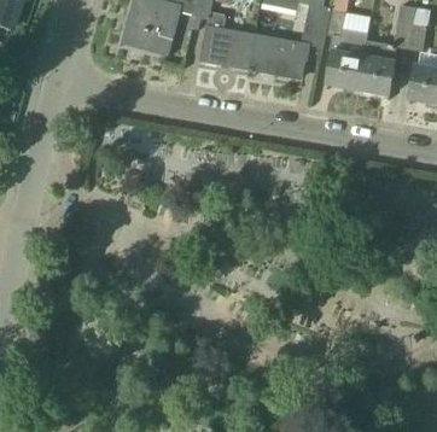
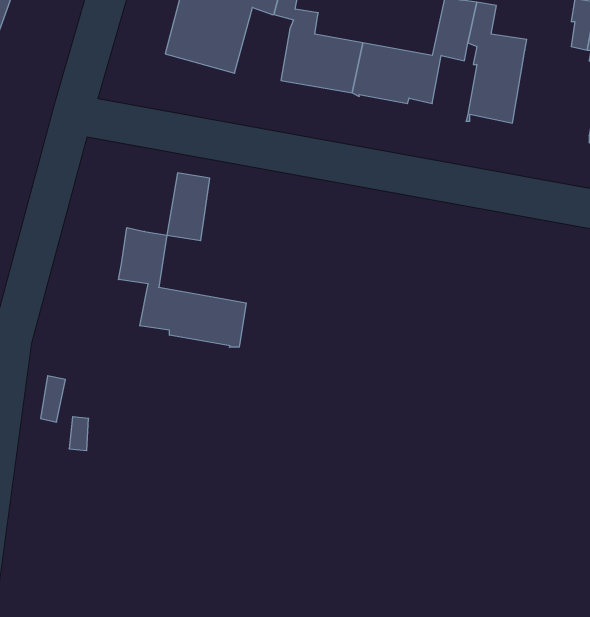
building: [357,41,397,100] -> none
building: none -> [119,228,246,347]

